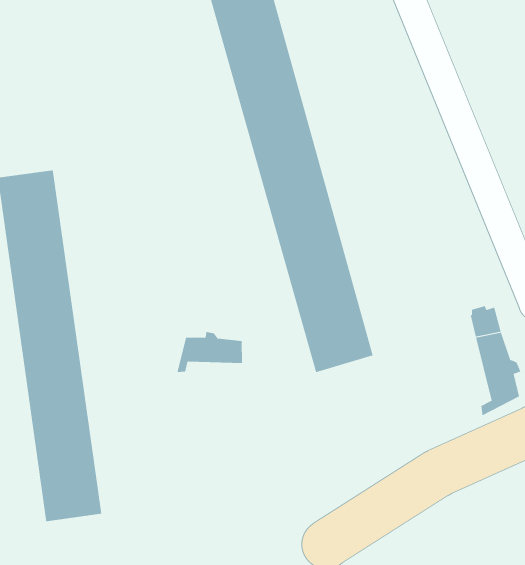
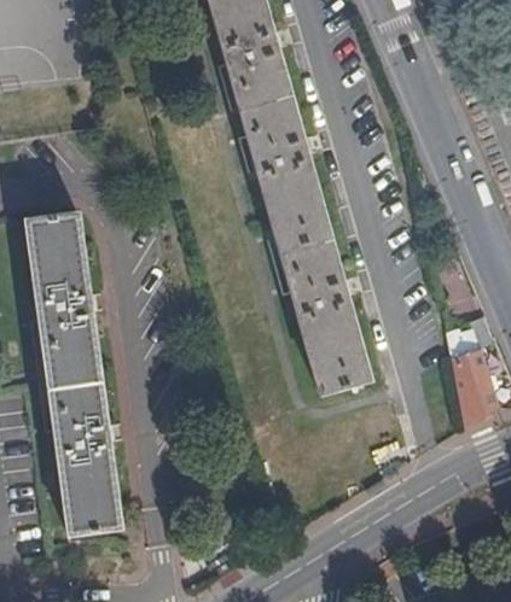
building: [177,331,243,373] -> none

